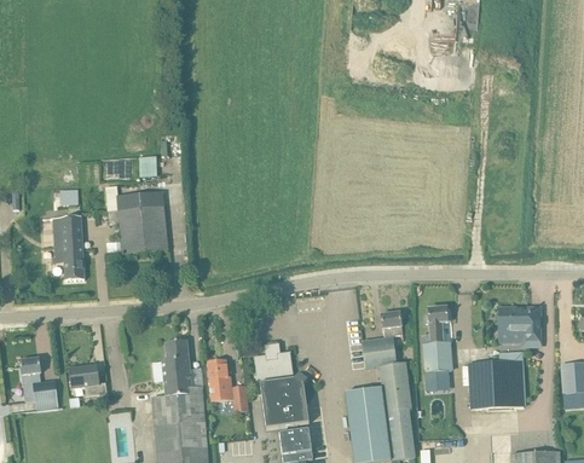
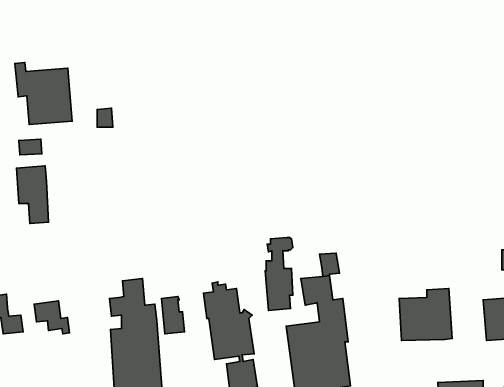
building: [105,185,168,253] -> [15,62,72,124]
building: [422,307,452,387] -> [265,238,293,311]
building: [499,307,539,342] -> none

